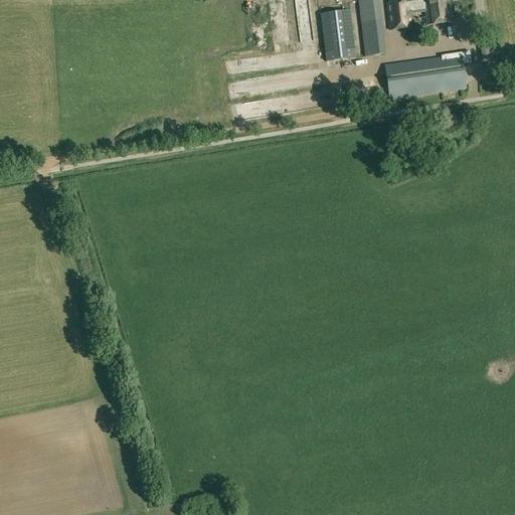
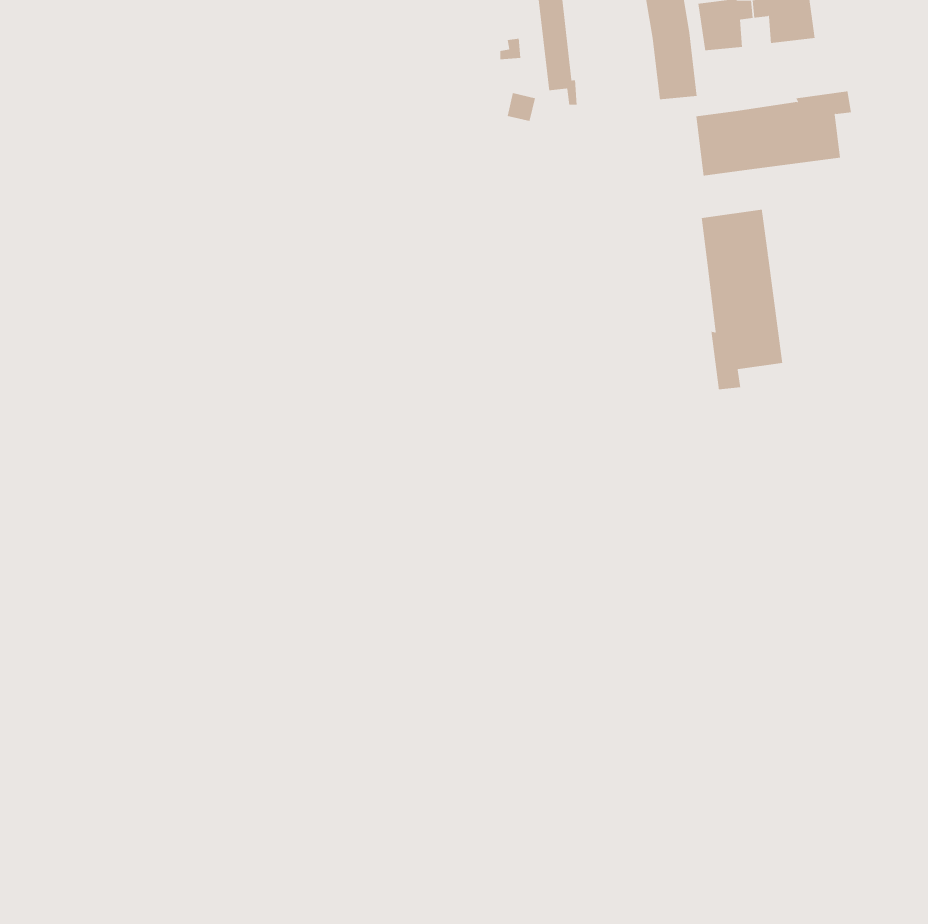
building: [320,9,356,60] -> none
building: none -> [701,209,783,390]

